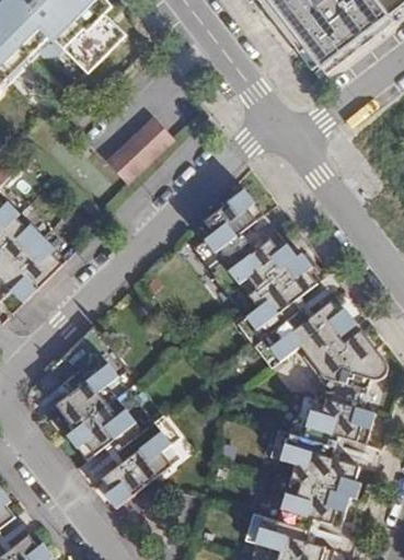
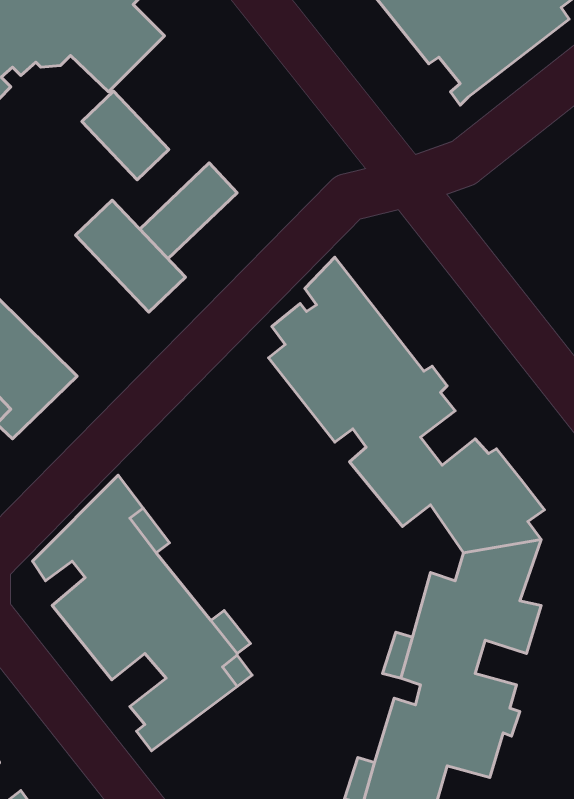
building: none -> [82,91,169,180]
building: none -> [75,200,185,312]

